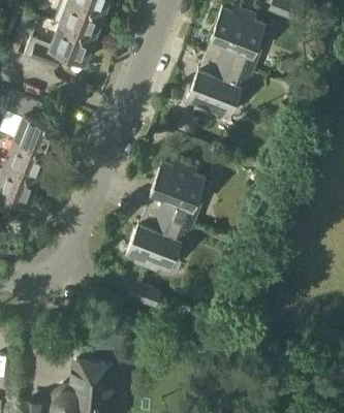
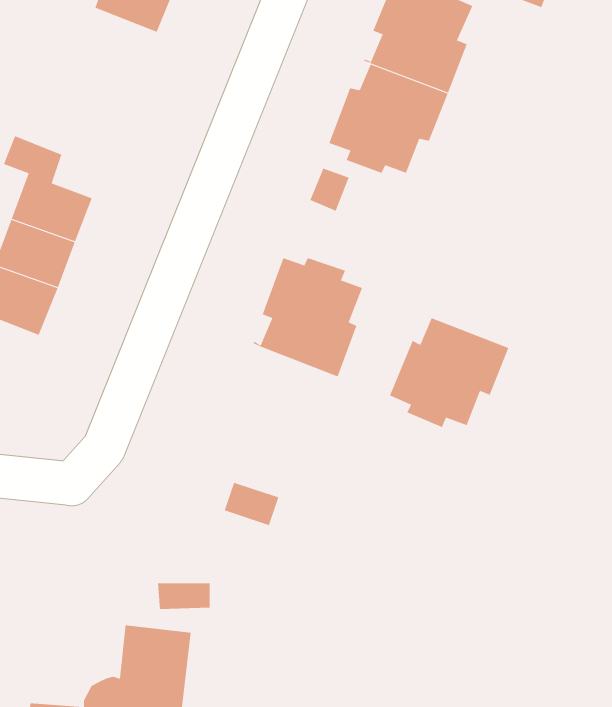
building: [29,27,93,71] -> none
building: [126,211,191,271] -> [389,317,509,428]

